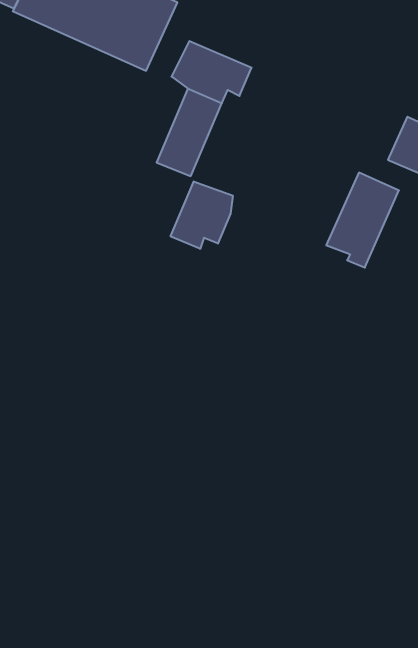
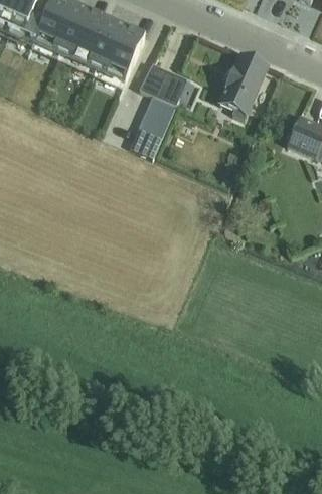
building: [326,173,399,268] -> [219,50,269,115]
building: [171,181,233,249] -> none

